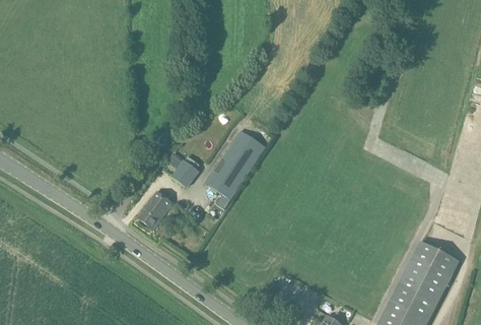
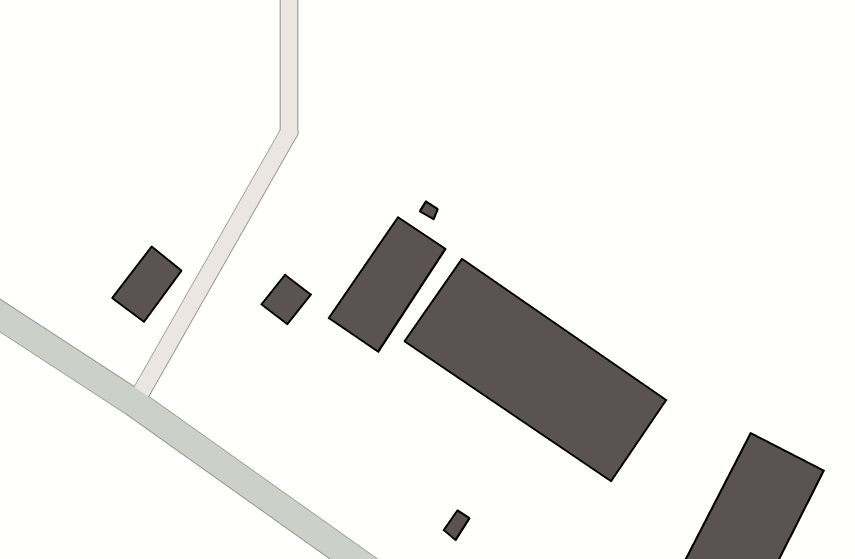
building: none -> [405,259,666,481]
building: [136,190,171,229] -> [112,247,181,322]

